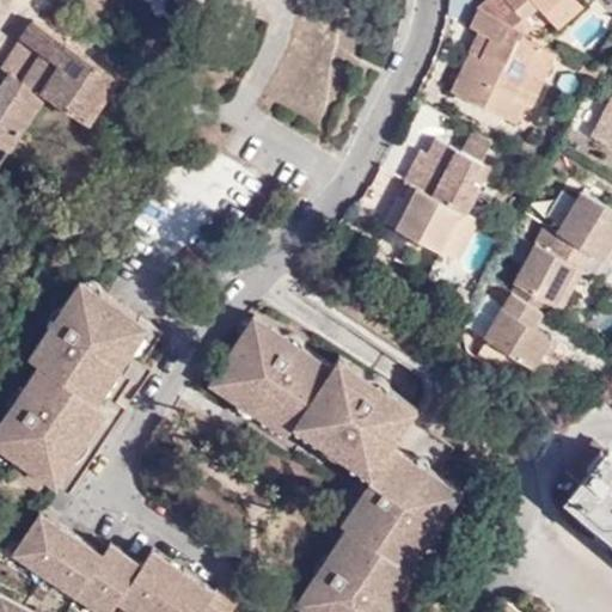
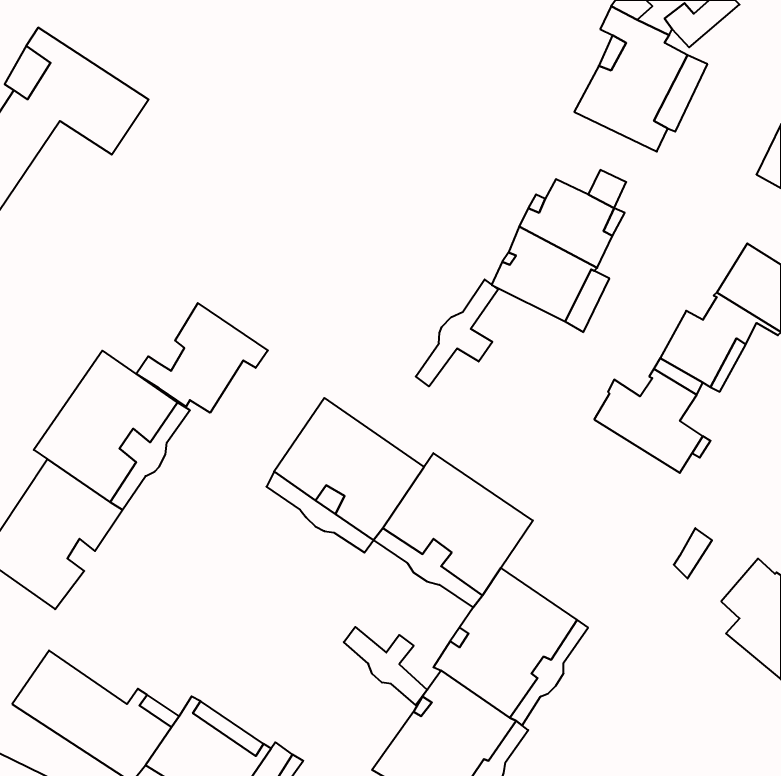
building: none -> [416,279,498,386]
building: none -> [136,303,268,413]
building: [43,403,105,488] -> none
building: none -> [344,627,427,705]

